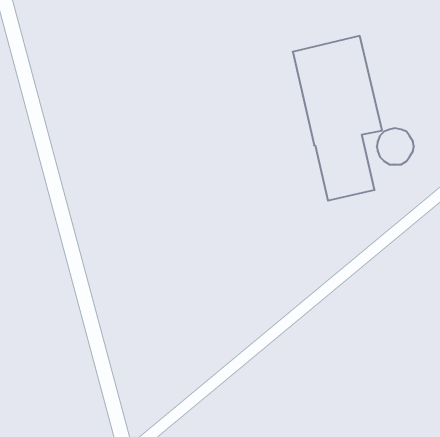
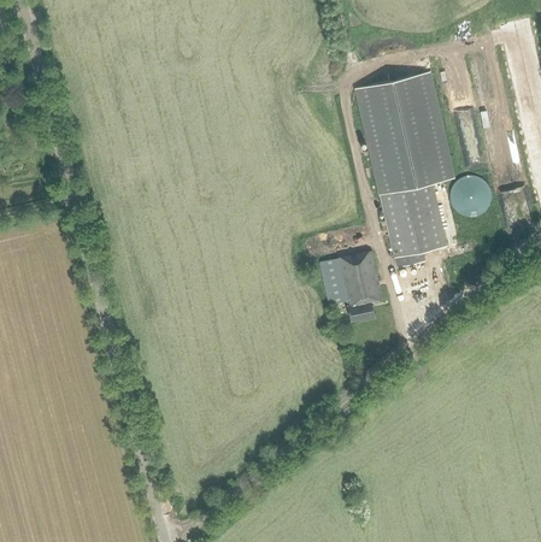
building: none -> [321,252,382,322]

